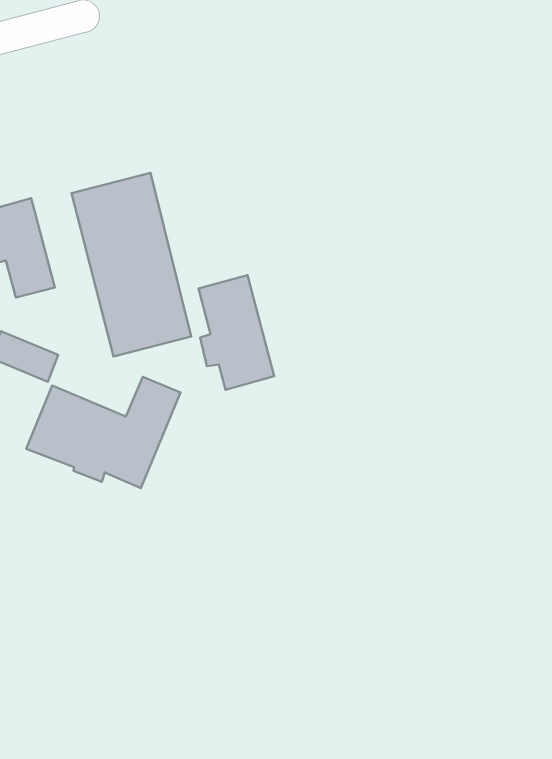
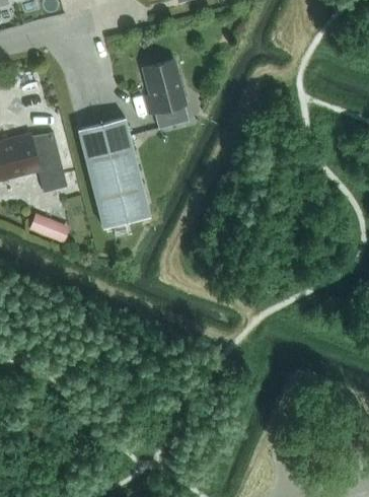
building: [199,275,274,390] -> [143,60,189,129]
building: [26,377,181,488] -> none

